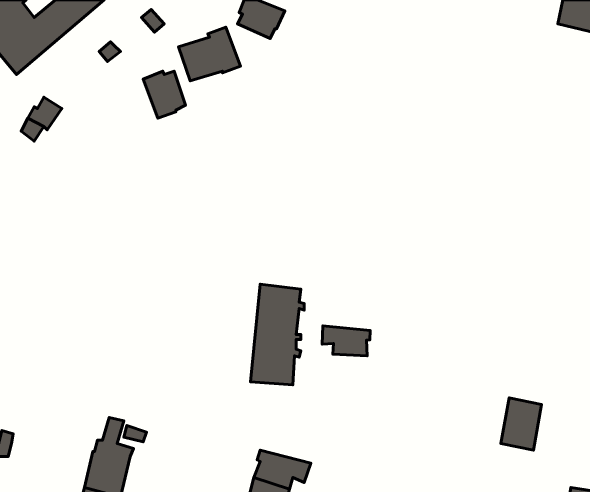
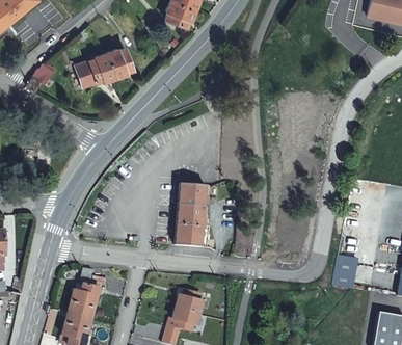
building: [179,27,240,81] -> [76,51,115,85]
building: [322,326,370,356] -> none

